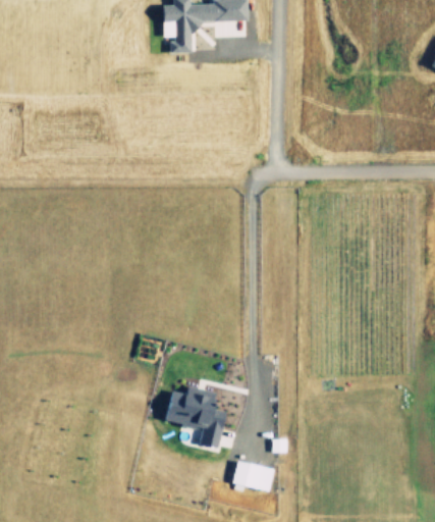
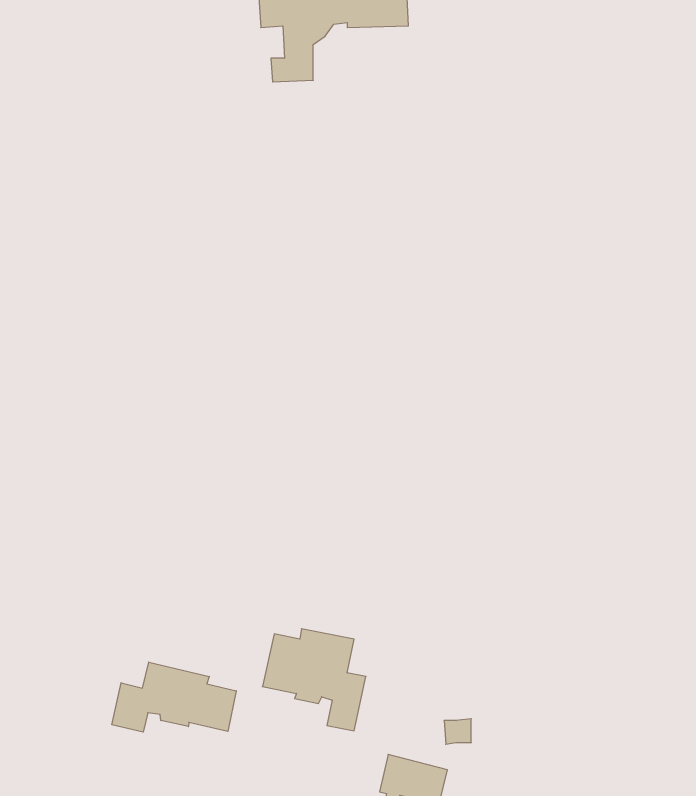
building: none -> [112,662,236,732]

